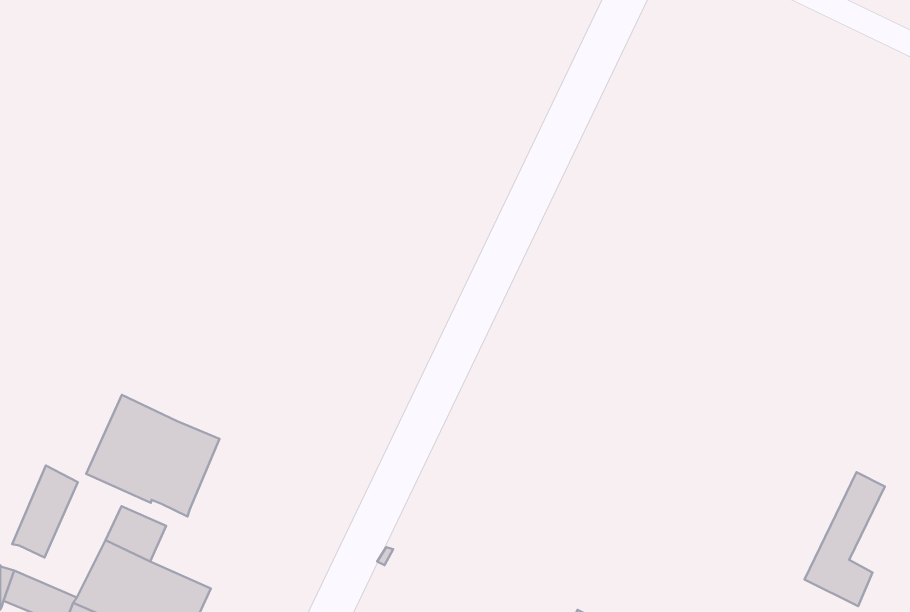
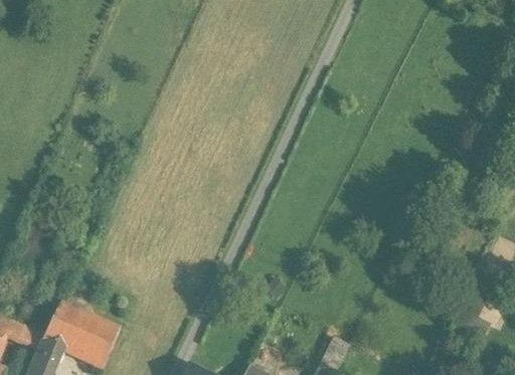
building: [86,395,219,516] -> none
building: [12,465,78,558] -> none

